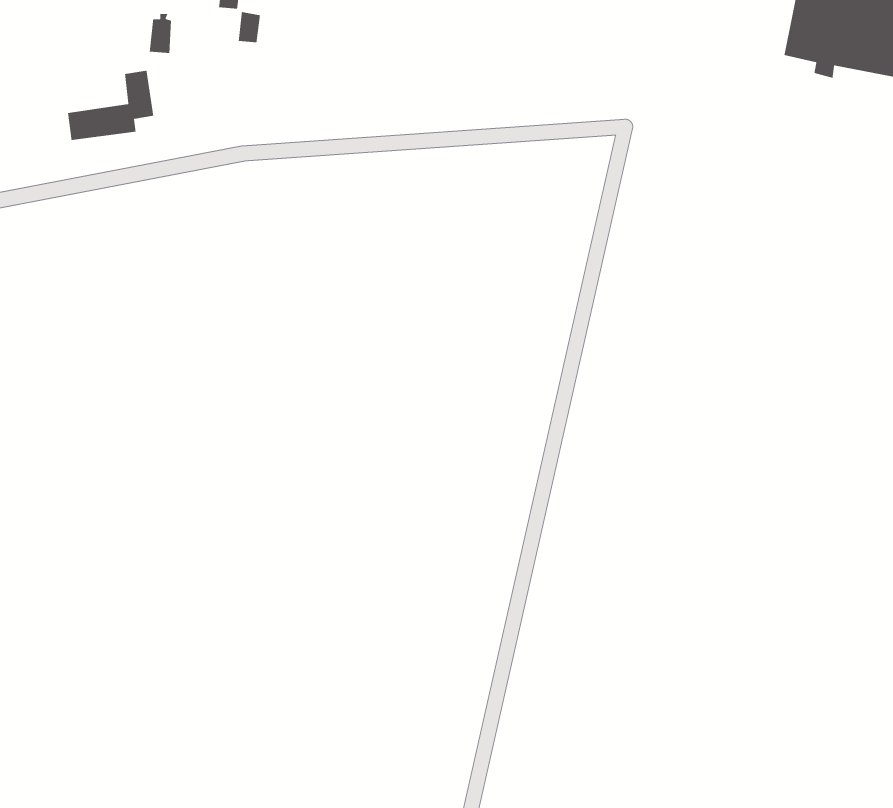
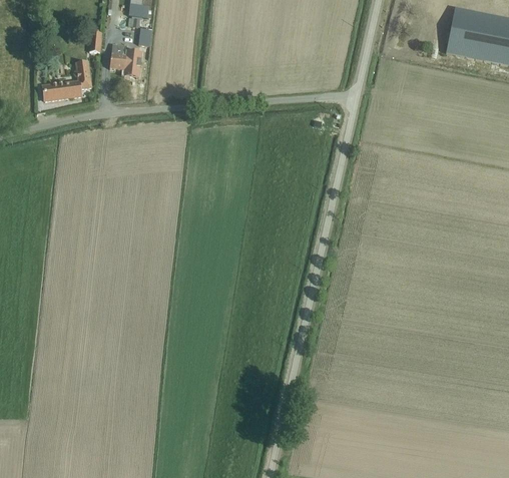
building: none -> [109,43,146,71]

